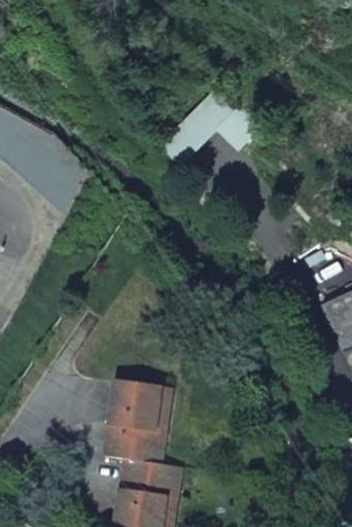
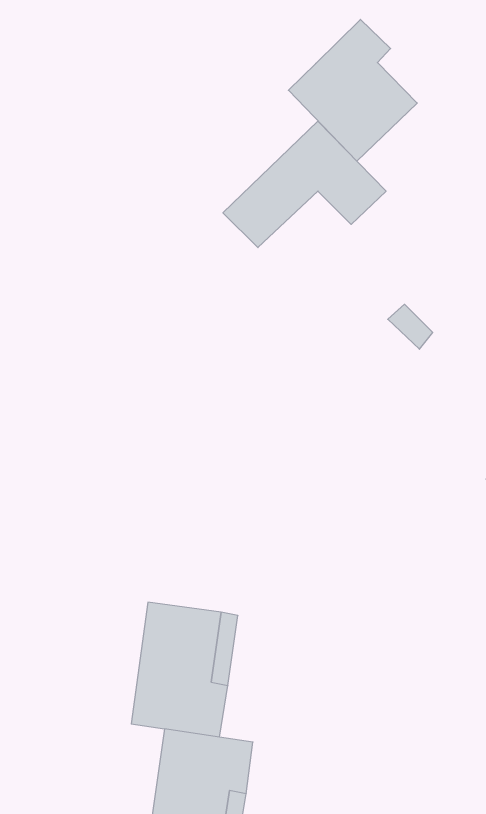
building: none -> [288,19,417,161]

